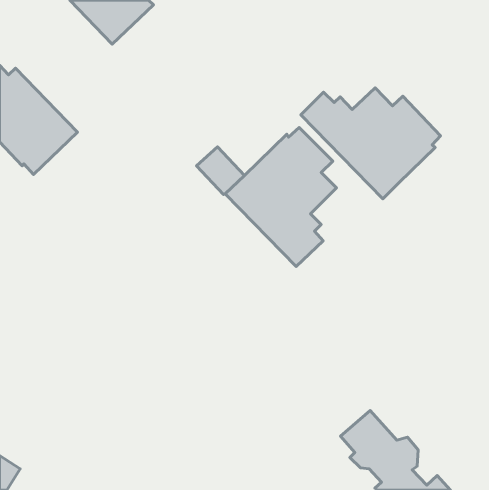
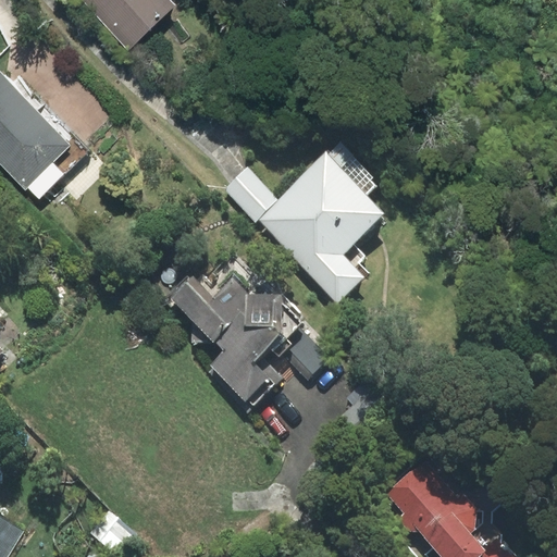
building: [301,88,441,199] -> none
building: none -> [170,277,329,412]

